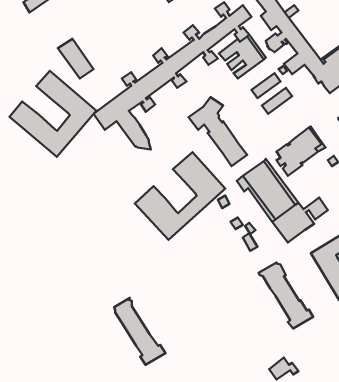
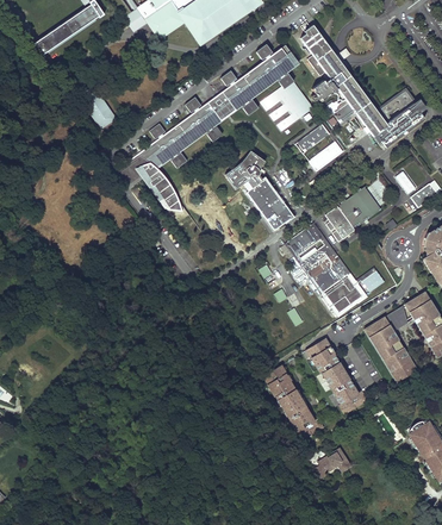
building: [10,71,96,157] -> none
building: [135,152,225,240] -> none
building: [114,298,165,365] -> [264,365,323,442]

